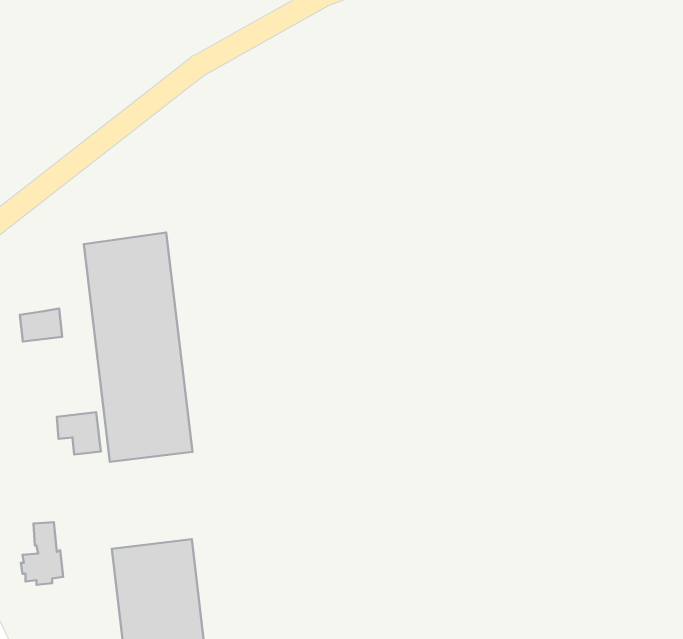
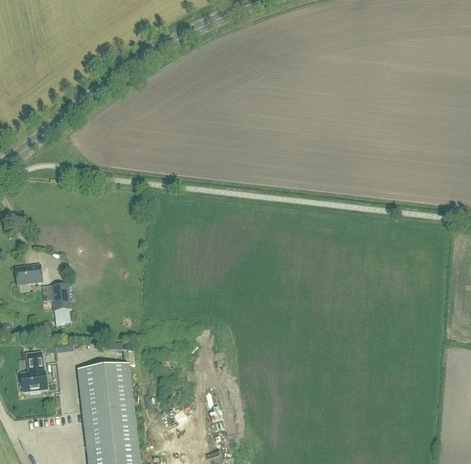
building: [84,232,192,462] -> none
building: [20,308,62,341] -> [15,261,42,282]

